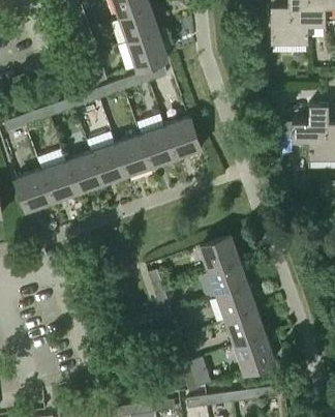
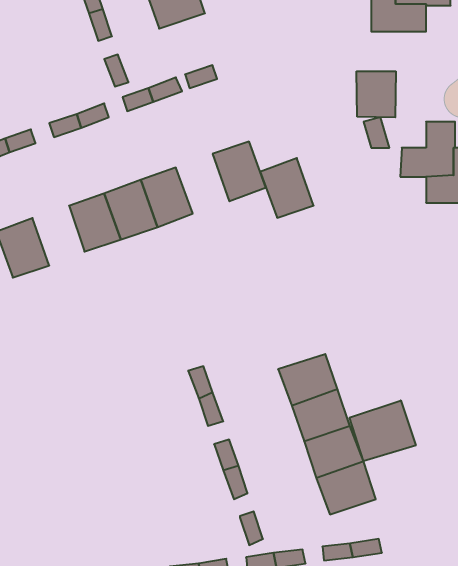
building: [127,32,168,68] -> none
building: none -> [357,71,396,117]
building: [139,127,175,168] -> [260,158,314,218]
building: [41,162,77,203] -> none
building: [200,238,240,273] -> none
building: none -> [350,400,416,461]

